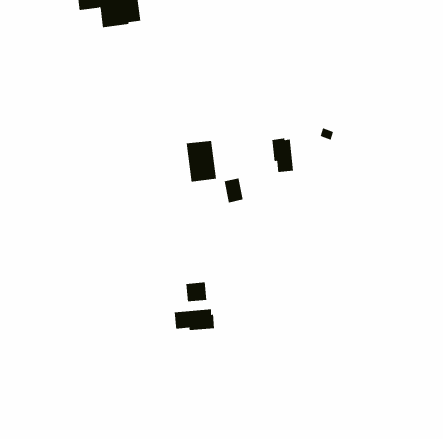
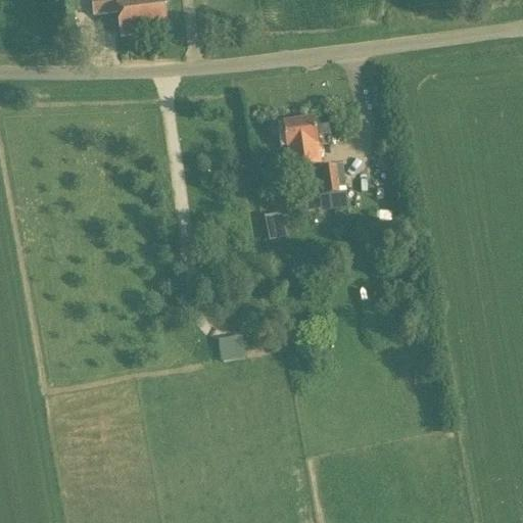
building: [186,141,217,182] -> [283,116,320,165]
building: [174,309,215,331] -> none

